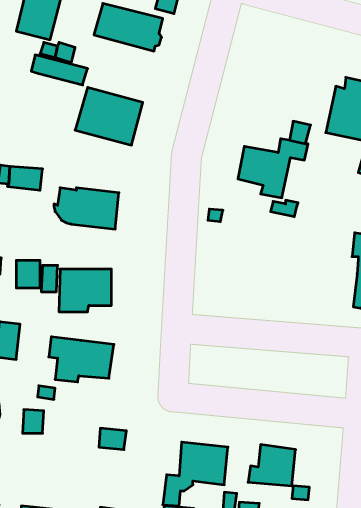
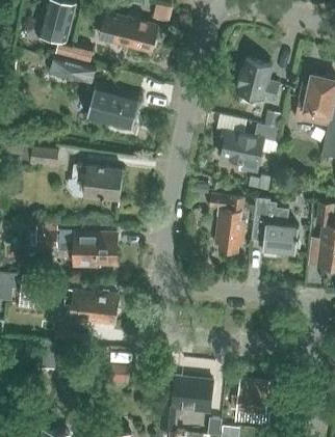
building: none -> [236,59,279,103]
building: none -> [208,195,246,251]
building: none -> [252,199,298,258]

